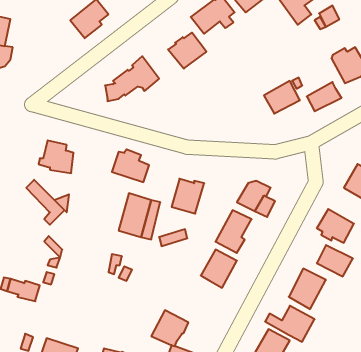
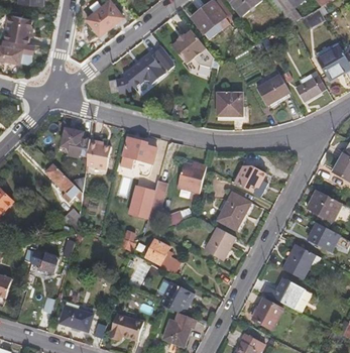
building: none -> [219,91,245,118]
building: none -> [86,138,111,168]
building: none -> [143,238,179,272]

